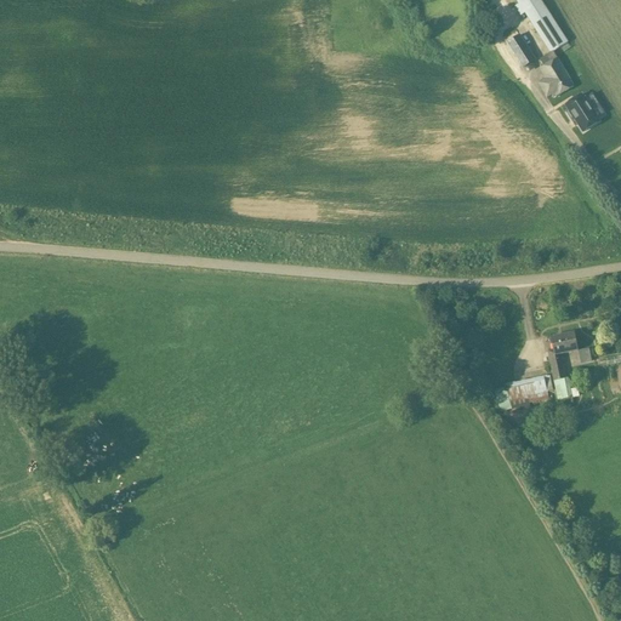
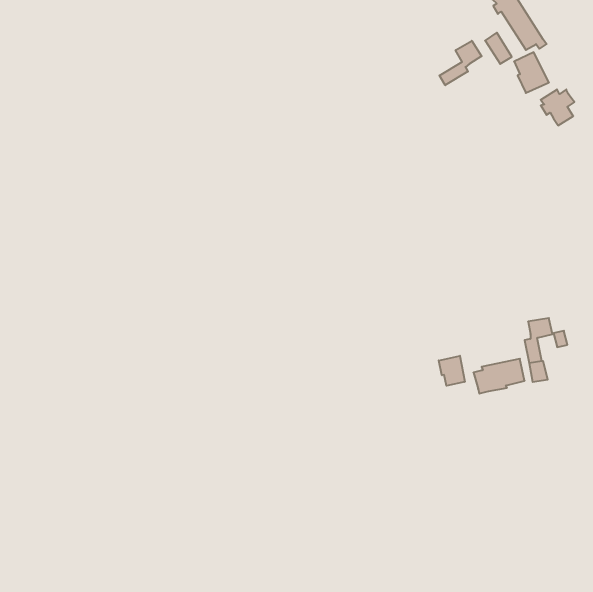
building: none -> [439,41,482,85]
building: none -> [439,356,465,386]

